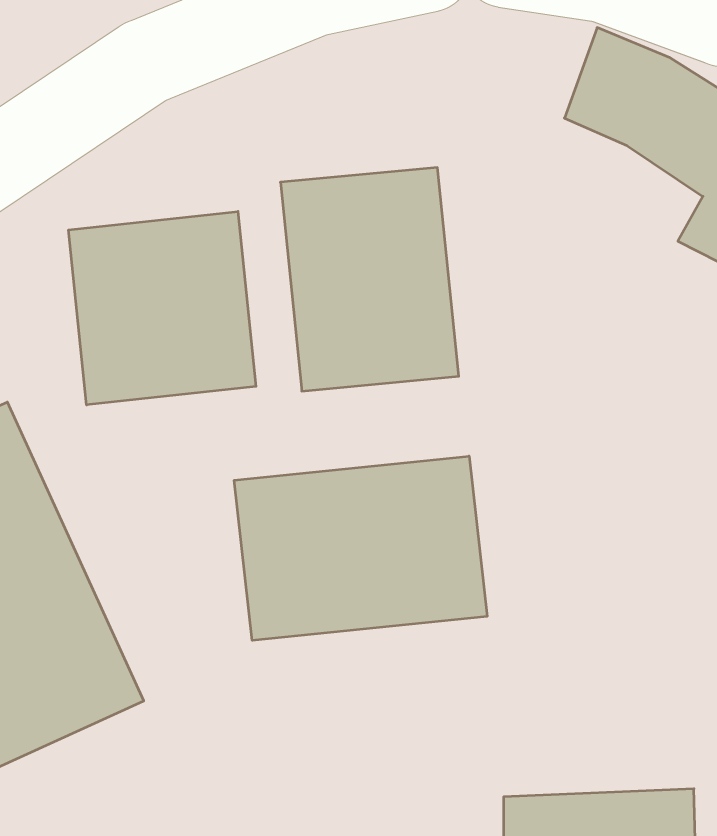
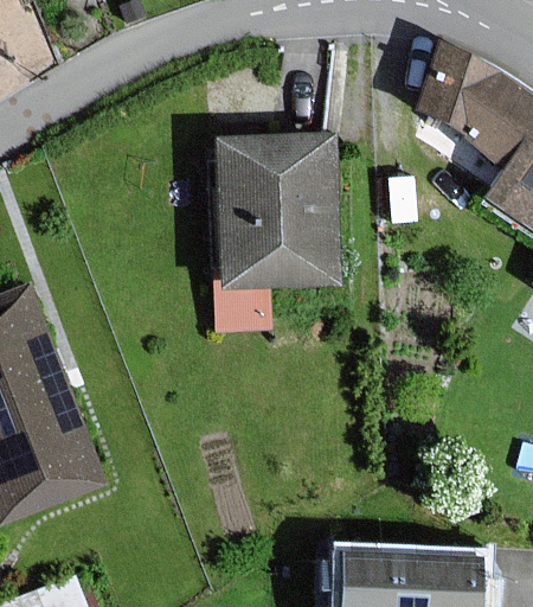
building: [69,211,256,405] -> none
building: [234,456,487,640] -> none

